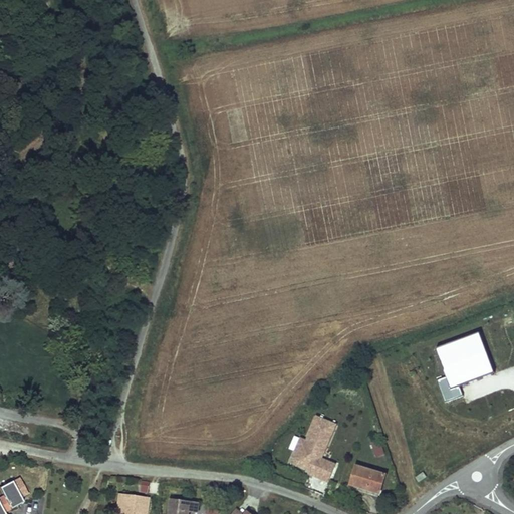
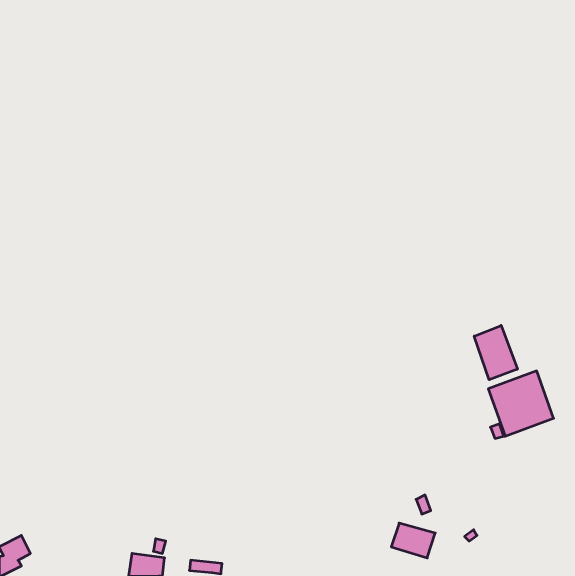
building: none -> [474,325,517,380]
building: [289,416,336,484] -> none

